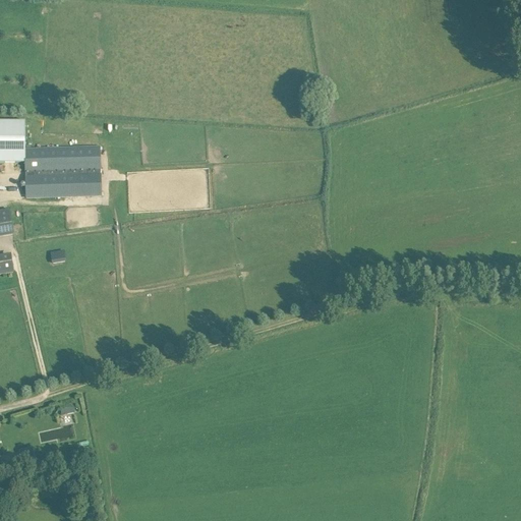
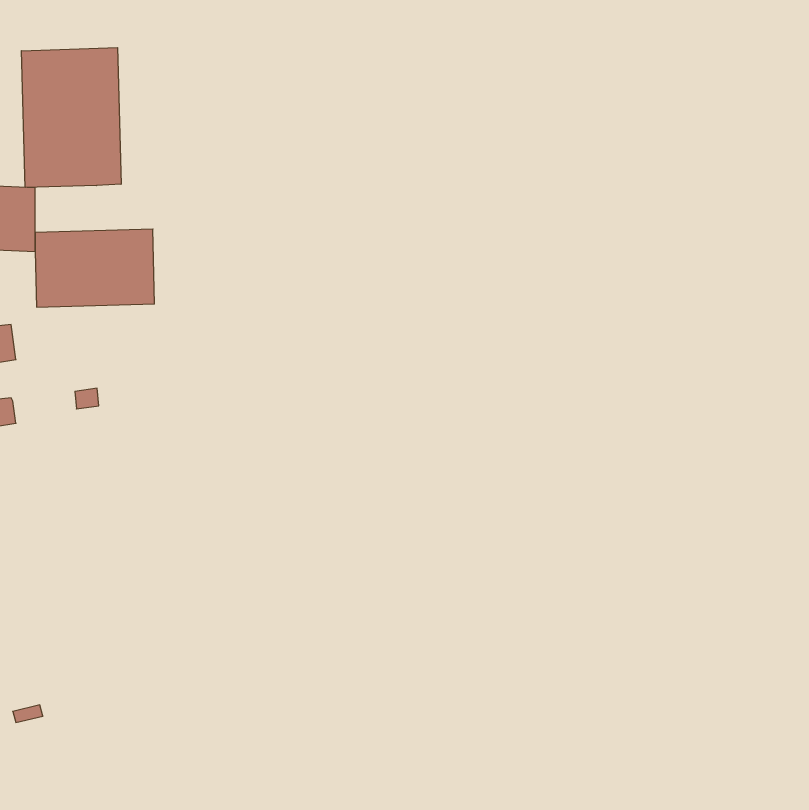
building: none -> [21,48,121,187]

